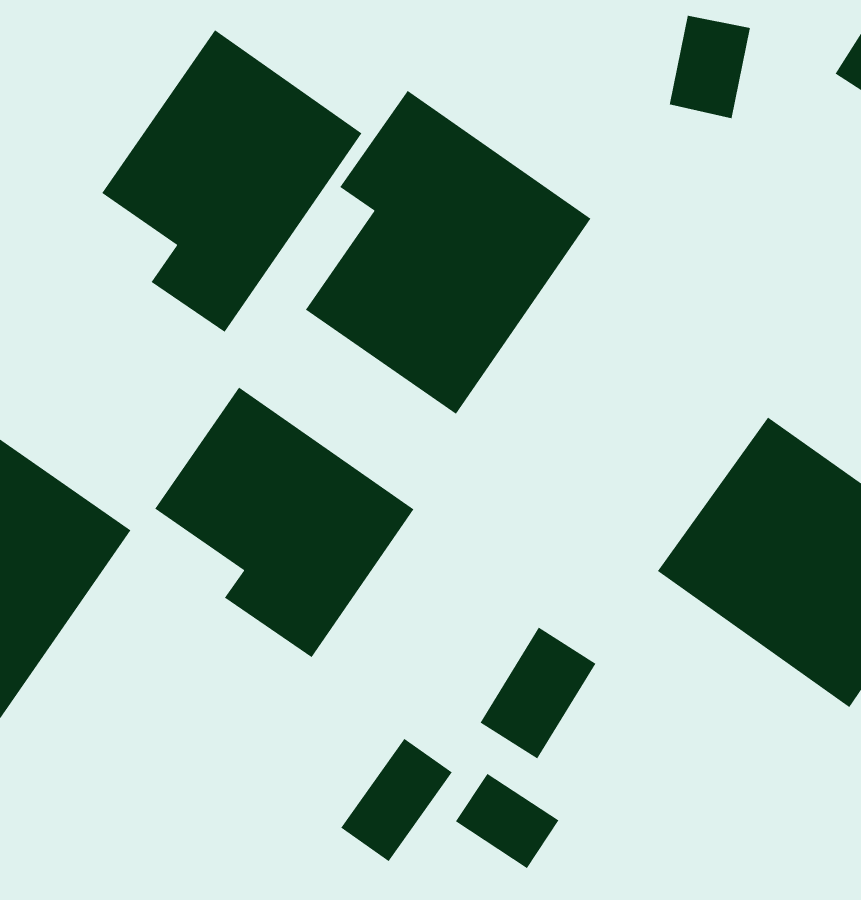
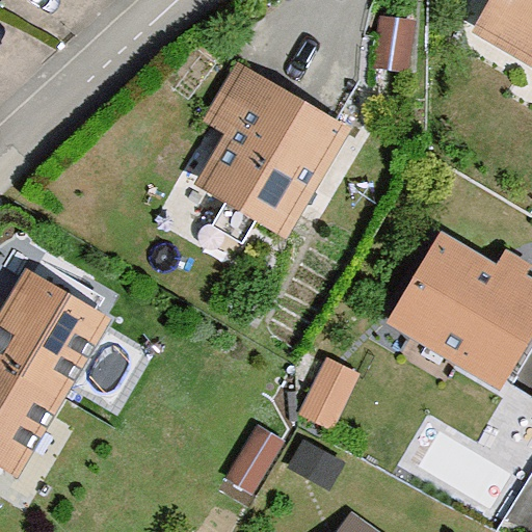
building: [101,29,363,333] -> none
building: [154,387,414,658] -> none

